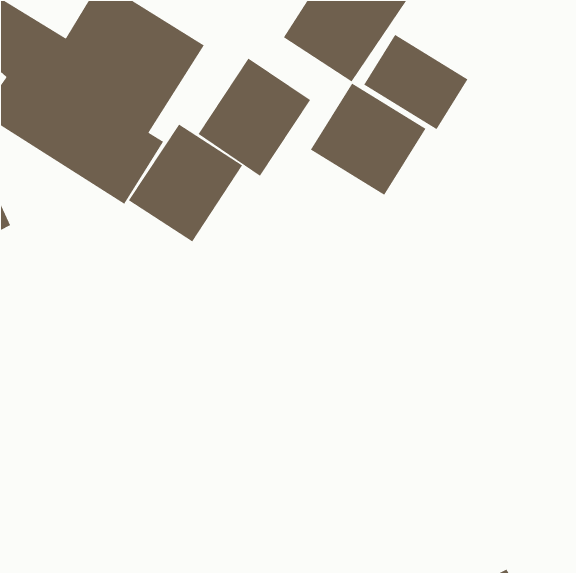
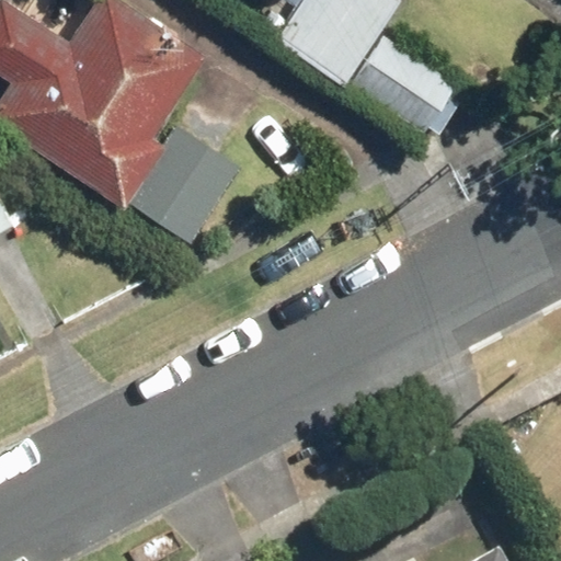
building: [197,57,311,177] -> none
building: [310,83,427,196] -> none

